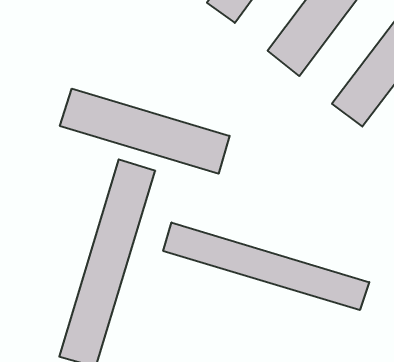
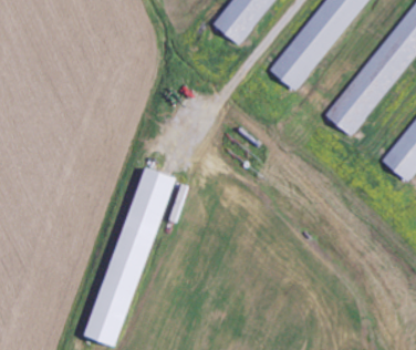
building: [60,89,230,174] -> none
building: [163,222,369,310] -> none

